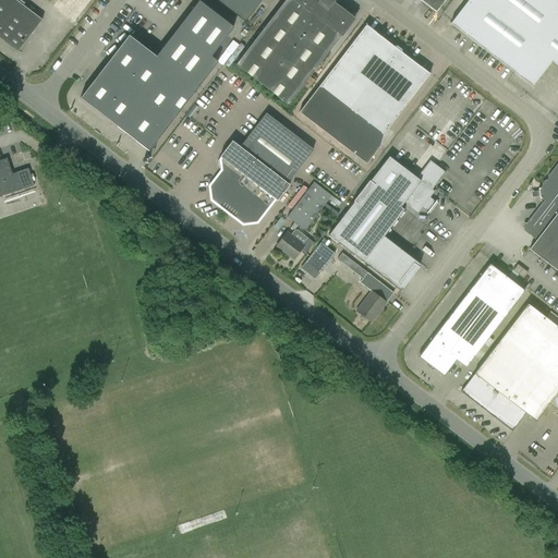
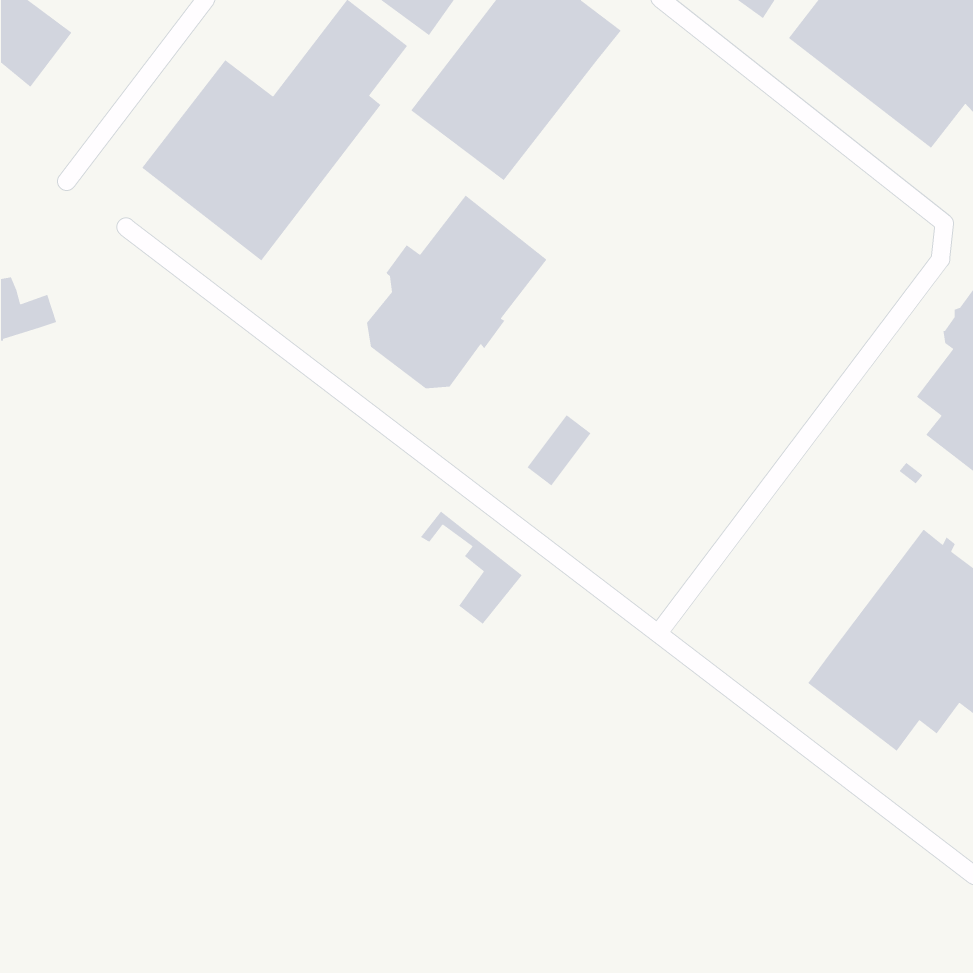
building: [300,24,430,162] -> none
building: [329,155,447,289] -> none
building: [288,181,332,229] -> none
building: [277,229,315,257] -> none
building: [336,255,395,320] -> [420,510,523,625]
building: [420,263,525,374] -> none

